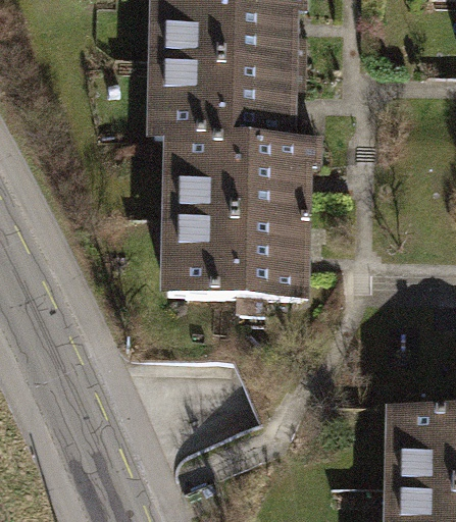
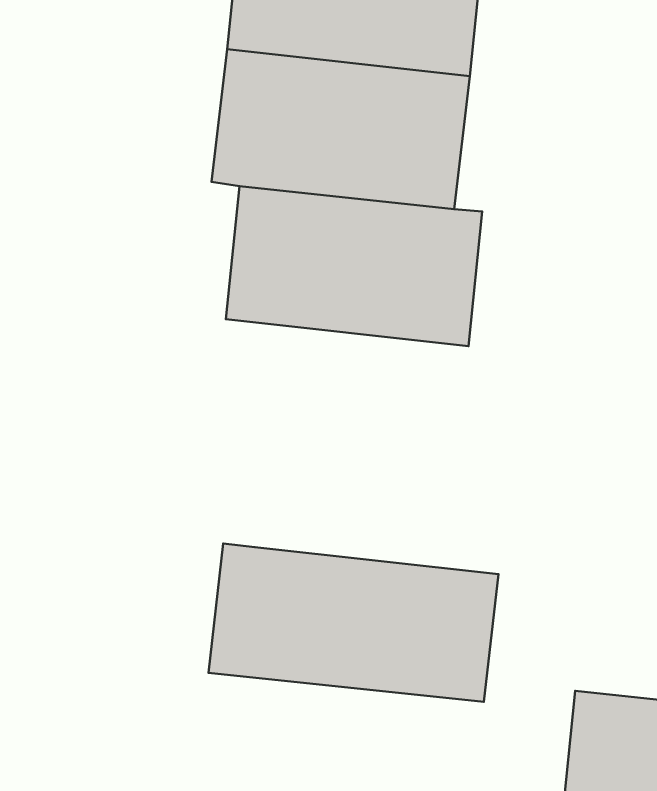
building: [163,217,307,299] -> none
building: none -> [208,543,498,702]

